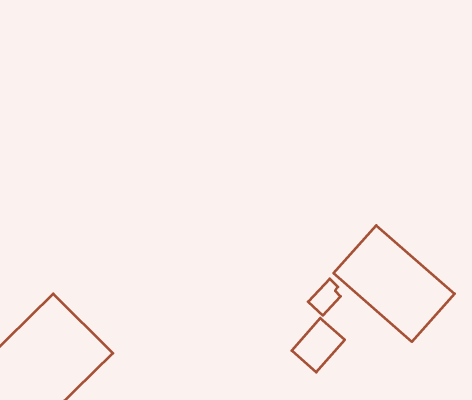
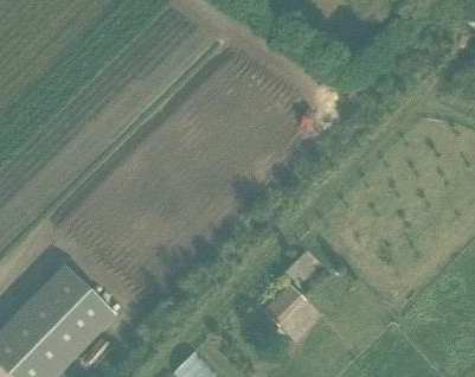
building: [334,225,455,342] -> none

